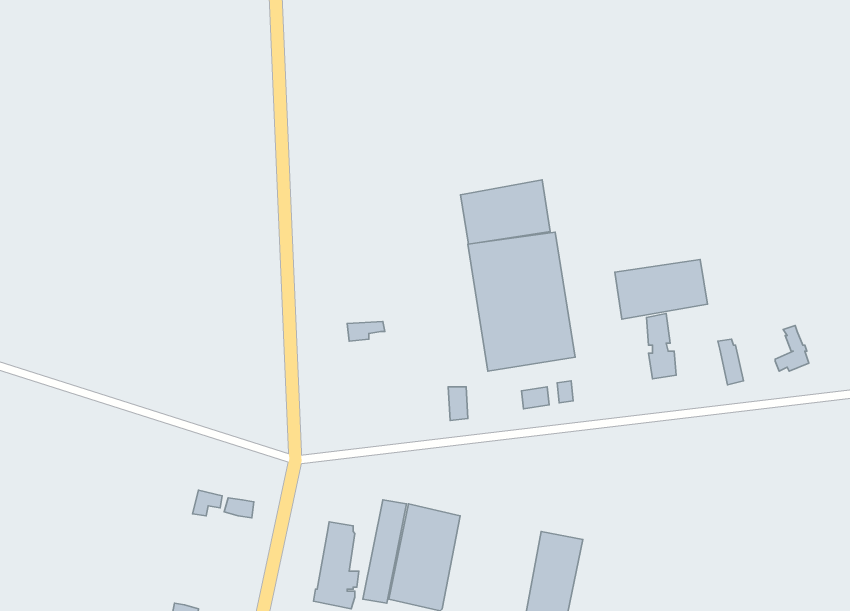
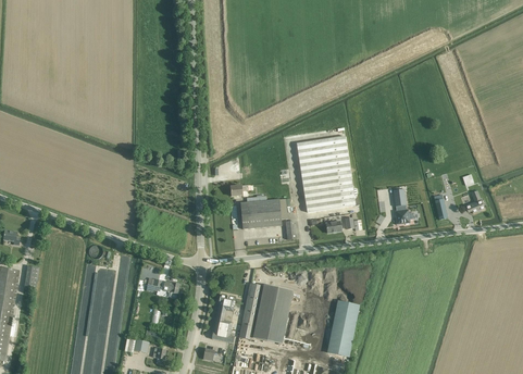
building: [460,180,550,244] -> none
building: [615,259,708,319] -> none
building: none -> [239,196,287,229]

